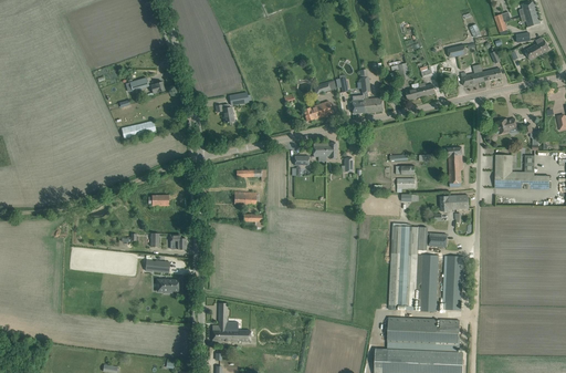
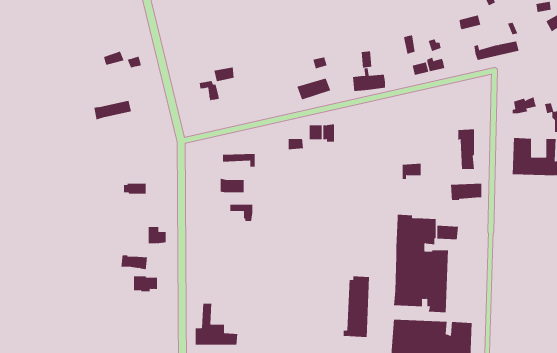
building: [439,255,463,310] -> [343,276,370,338]

